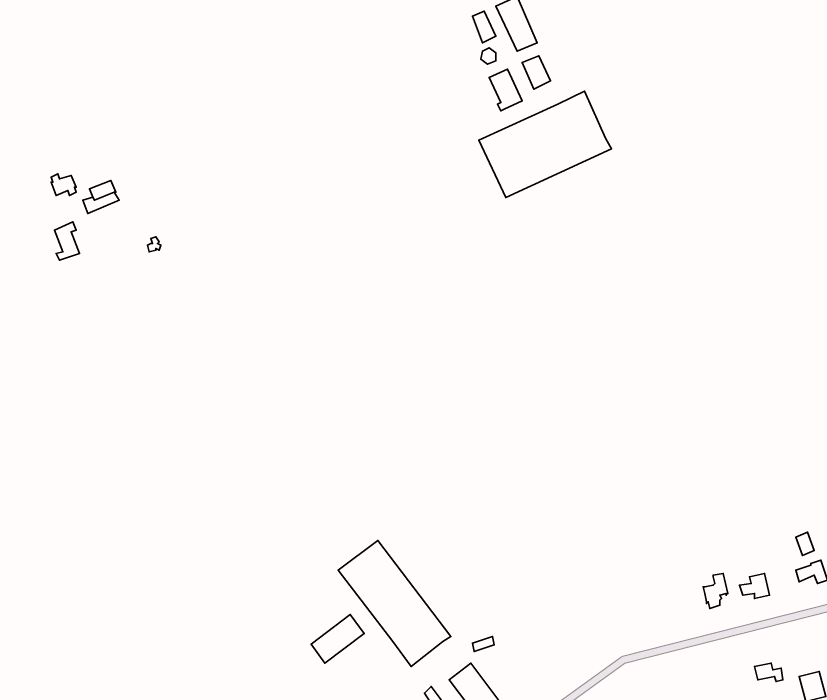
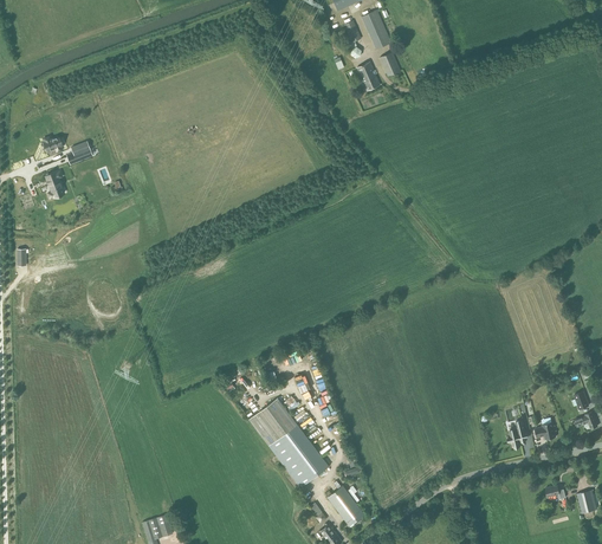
building: [479,91,611,198] -> none
building: [311,615,364,663] -> none

